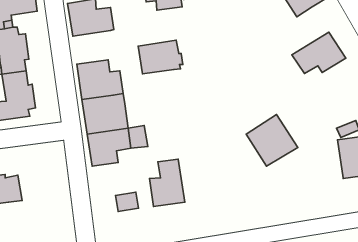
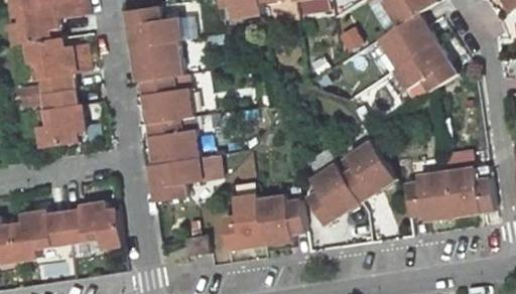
building: none -> [376,12,435,66]
building: [138,40,183,74] -> [129,40,182,81]
building: none -> [309,164,361,224]
building: none -> [405,171,453,222]
building: none -> [256,195,304,246]
building: none -> [63,204,121,249]

